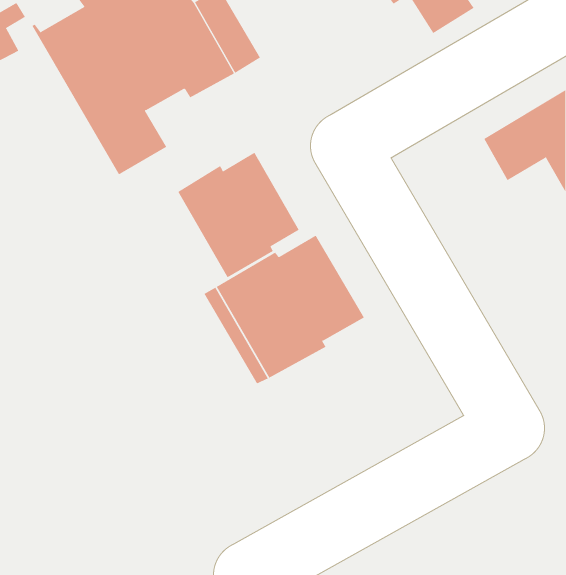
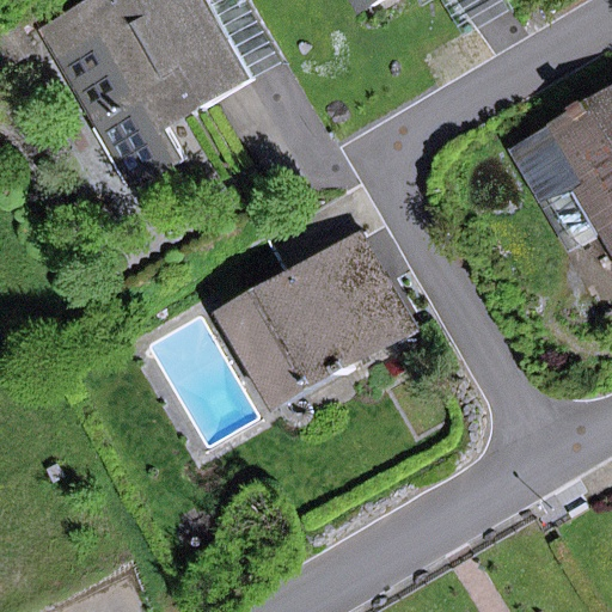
building: [177,152,300,278] -> none

